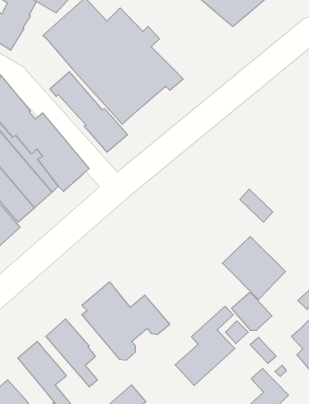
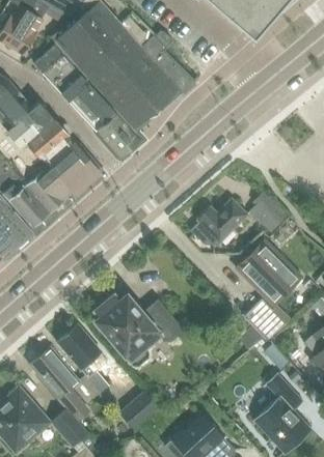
building: none -> [34,42,85,94]
building: none -> [193,201,247,247]
building: [175,306,235,385] -> none

